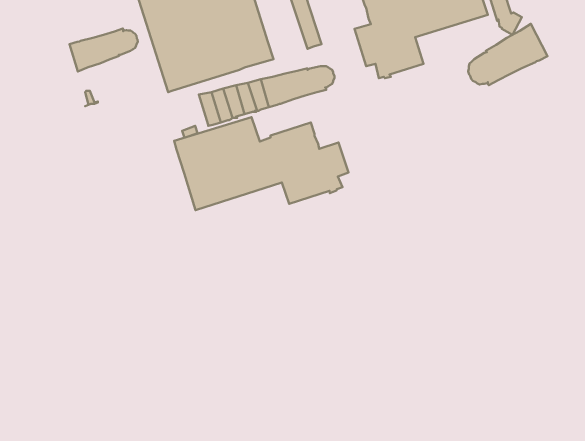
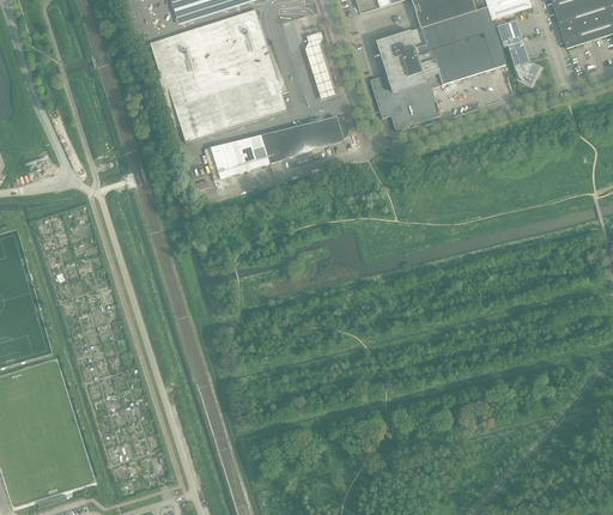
building: [468,24,548,85] -> none
building: [70,29,138,71] -> none
building: [174,117,349,210] -> none

